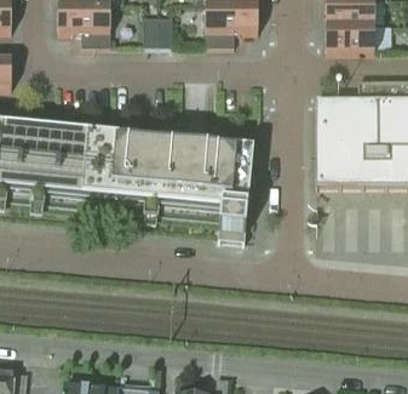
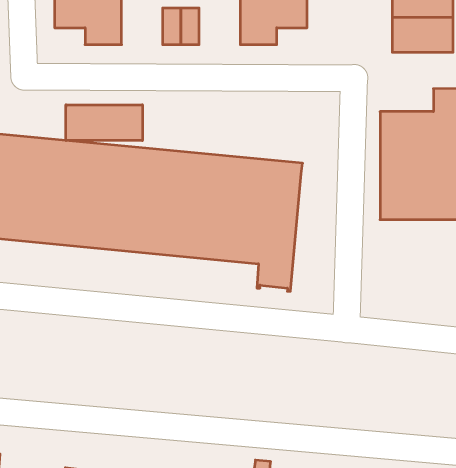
building: none -> [66,105,142,141]

